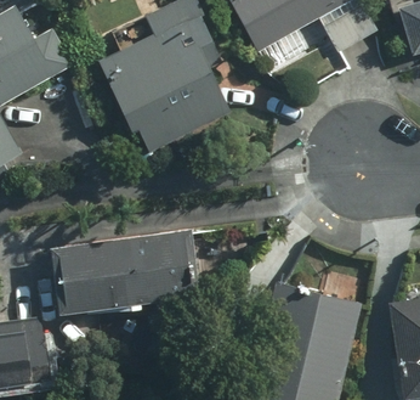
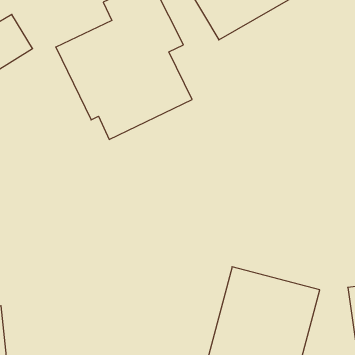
building: [50,230,199,312] -> none

